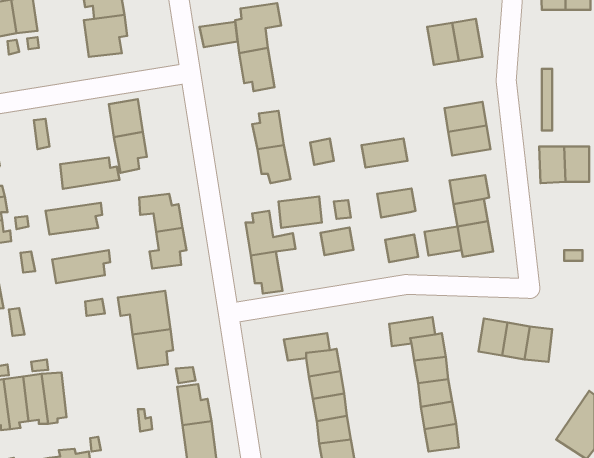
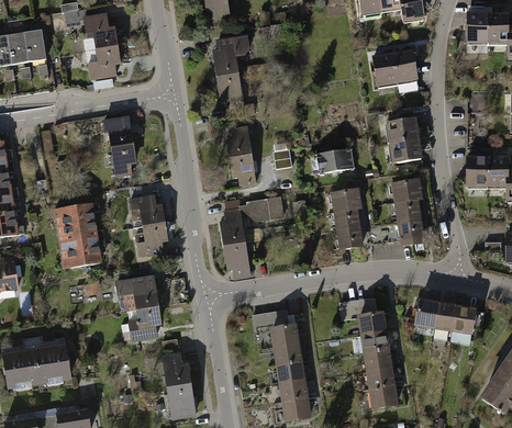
building: [200,22,238,47] -> none
building: [60,157,119,189] -> [56,223,105,249]
building: [320,227,353,255] -> [333,210,360,233]

